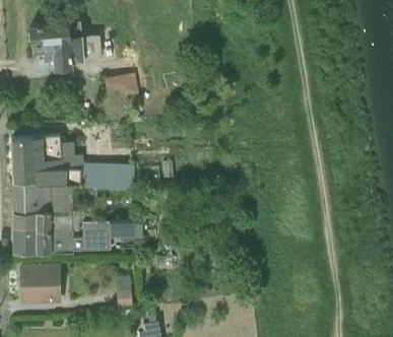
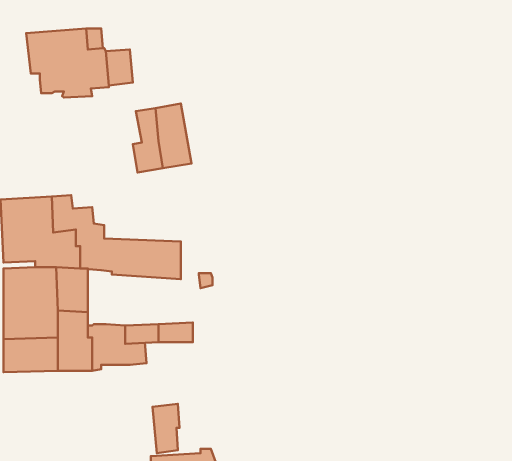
building: [19,265,60,306] -> none

